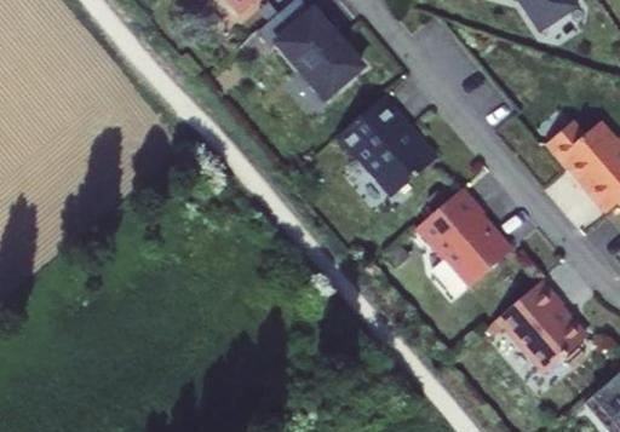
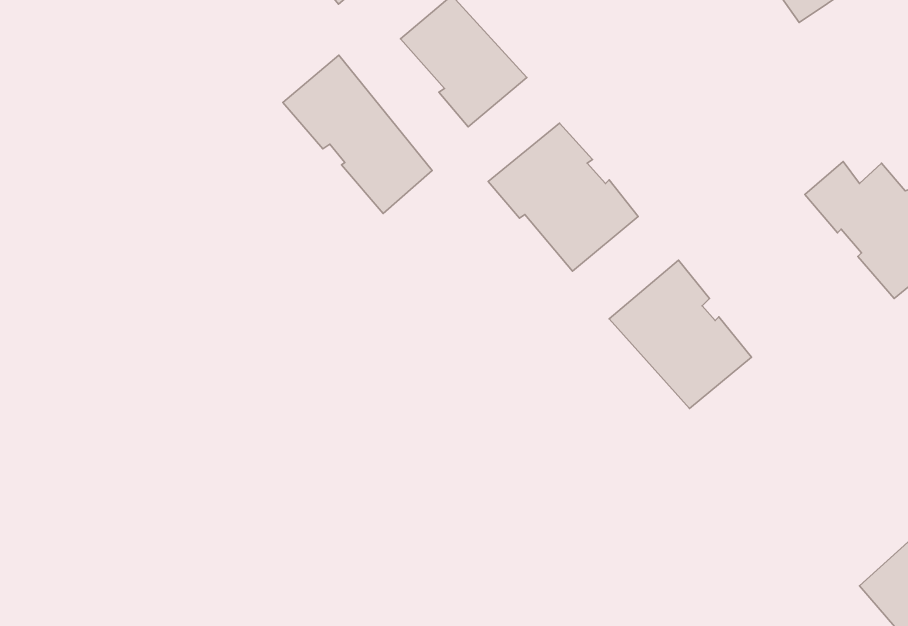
building: none -> [283,55,432,213]
building: [486,281,585,373] -> none

